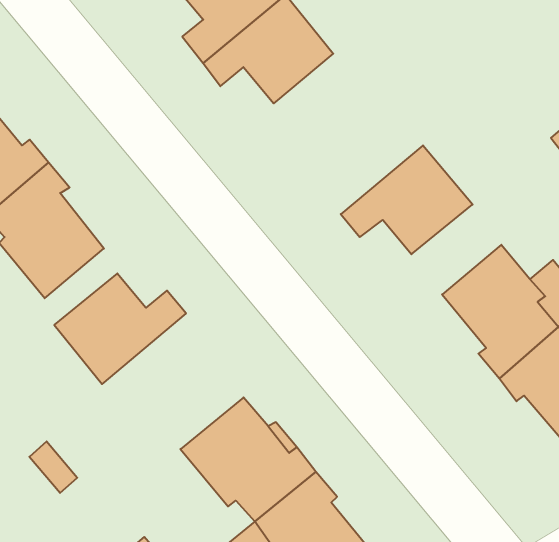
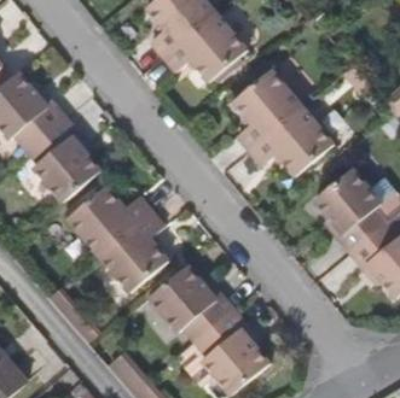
building: none -> [232,69,302,150]
building: none -> [99,212,169,293]

